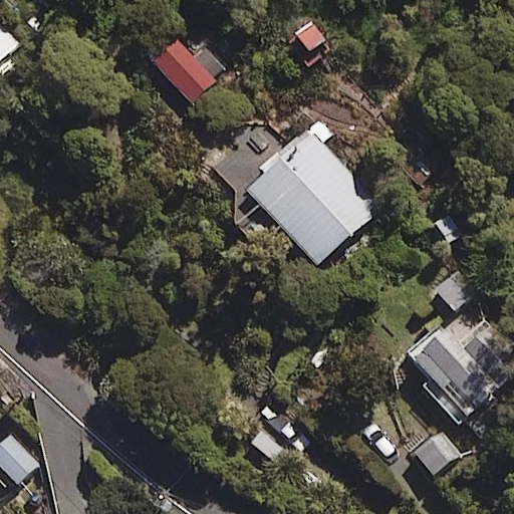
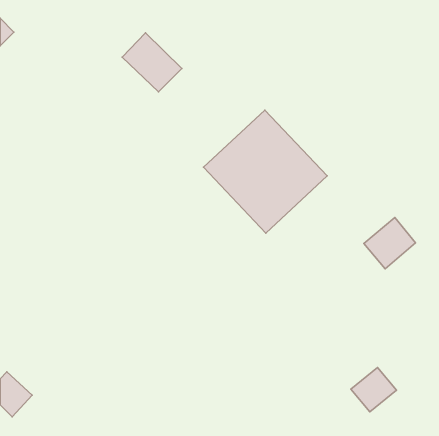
building: [412,327,499,423] -> none

